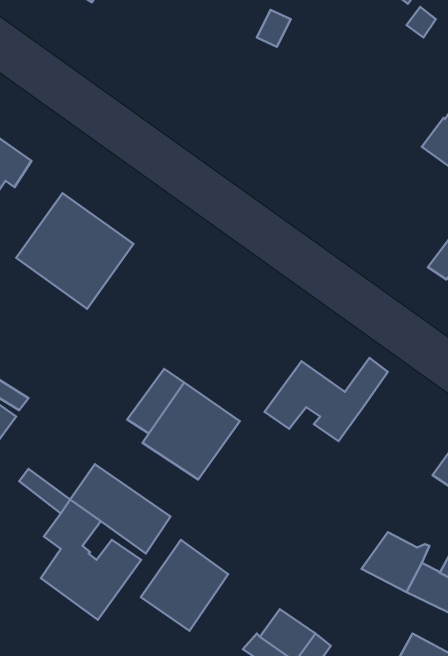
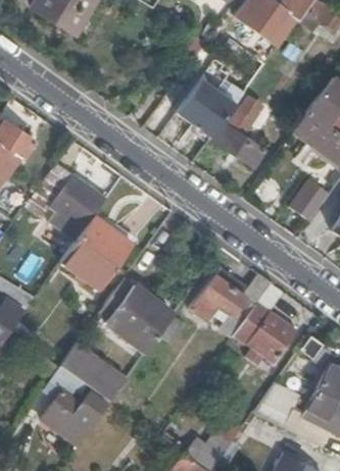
building: none -> [179,82,237,139]
building: none -> [216,105,265,168]
building: none -> [64,207,136,282]
building: none -> [238,304,293,354]
building: [141,540,228,631] -> none

